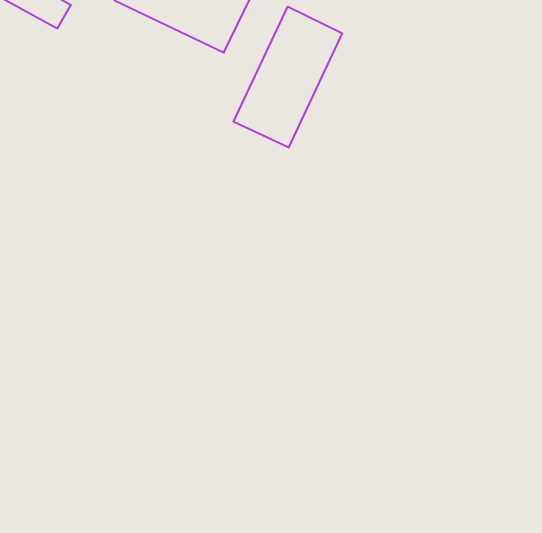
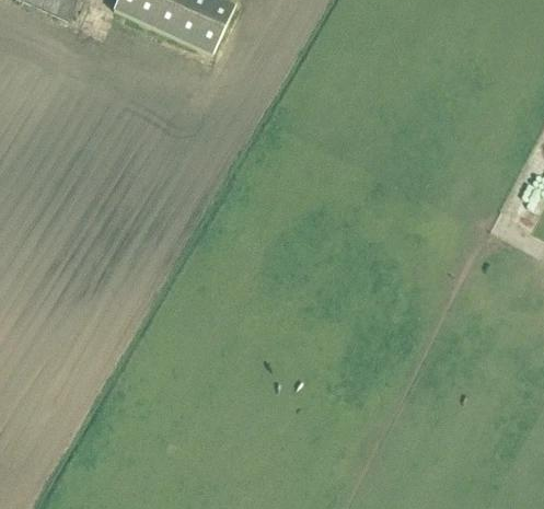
building: [233,7,342,148] -> none

